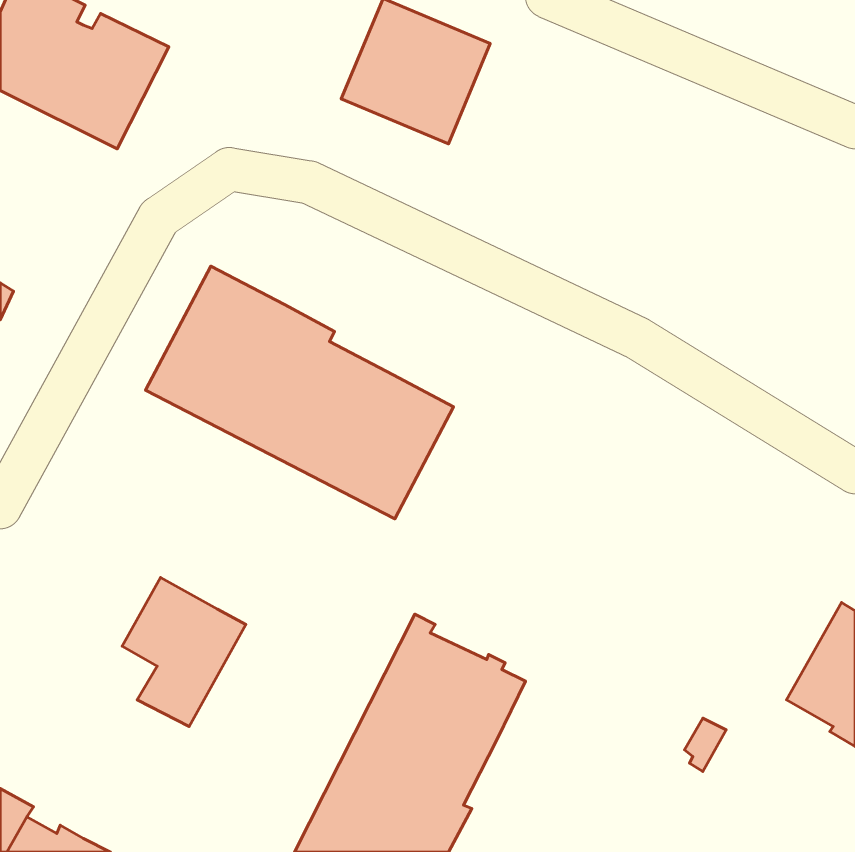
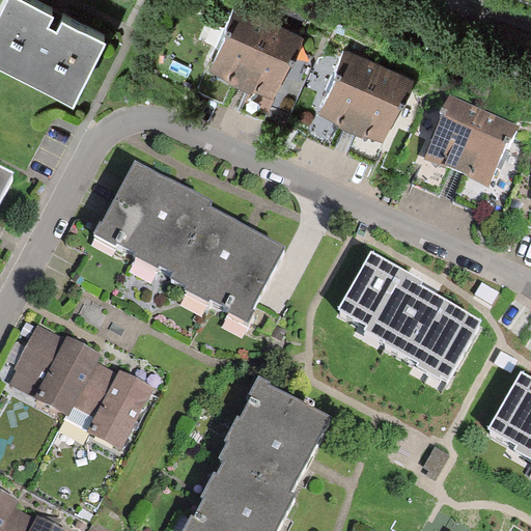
building: none -> [323,46,415,137]
building: none -> [424,97,516,188]
building: none -> [337,254,480,383]
building: none -> [16,324,100,417]

